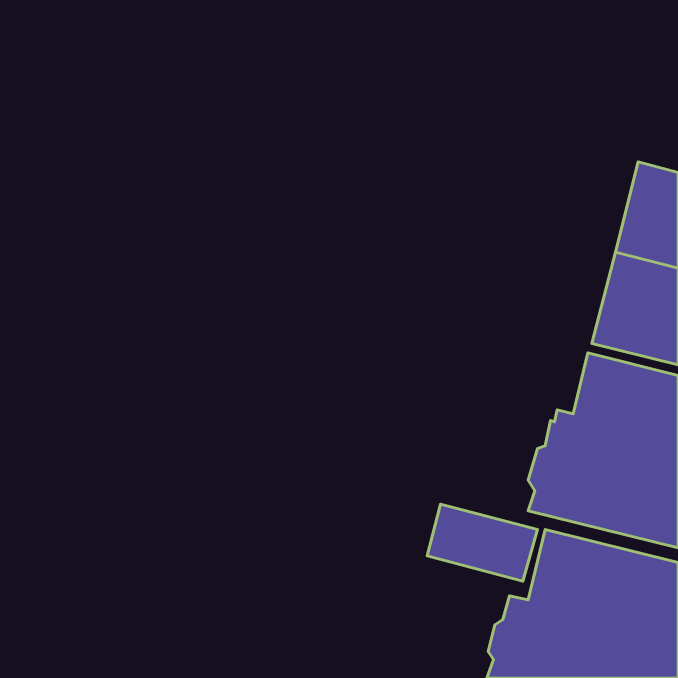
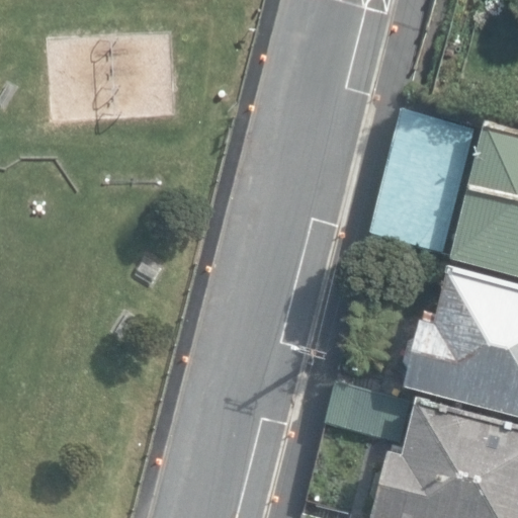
building: none -> [371,112,477,254]

